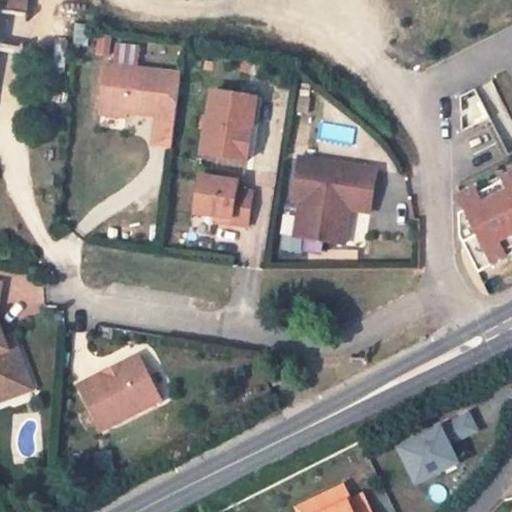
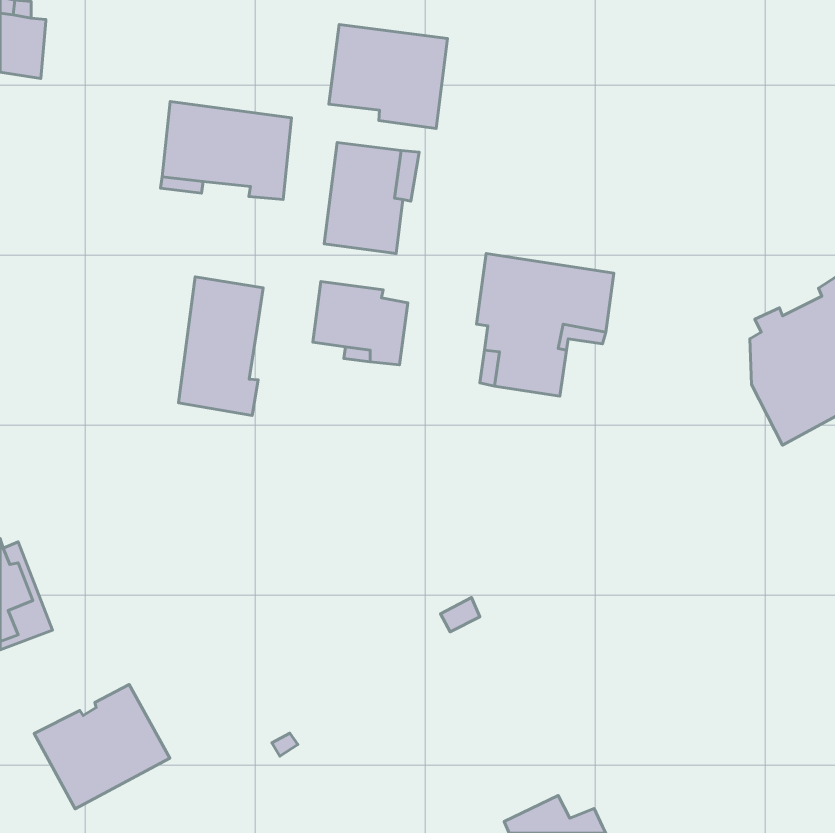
building: none -> [329,24,447,128]
building: none -> [179,277,263,415]
building: [78,355,161,431] -> [34,684,170,809]
building: [403,416,479,484] -> none

